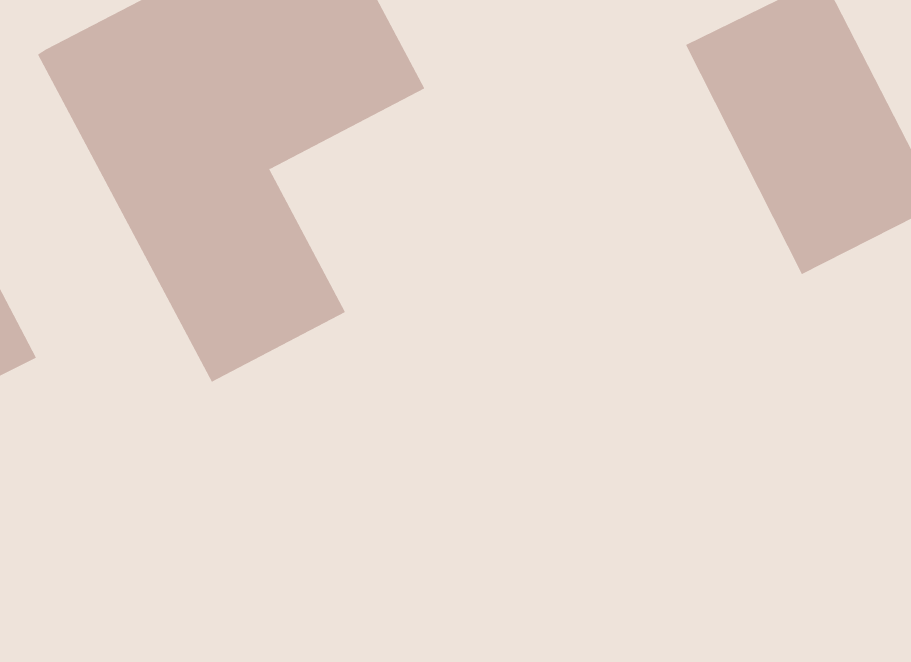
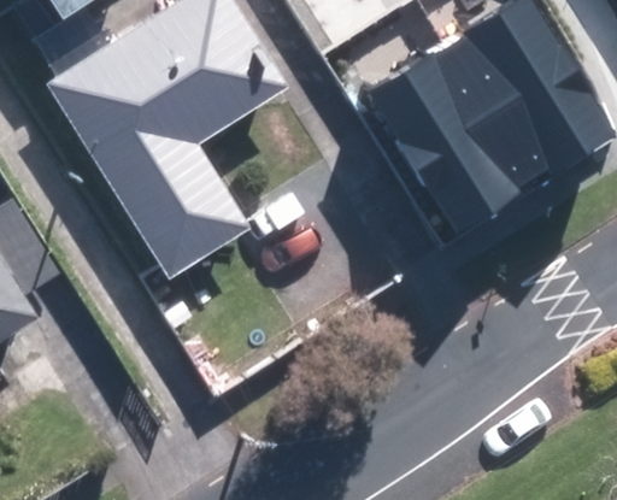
building: none -> [366,48,527,231]

